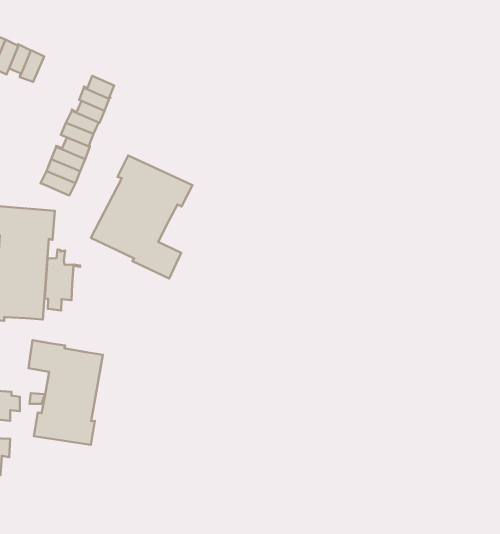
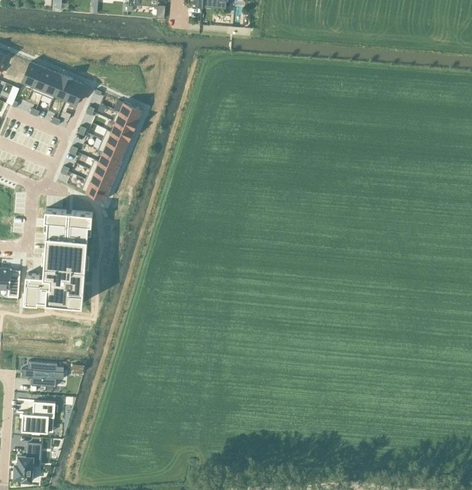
building: [91,155,192,278] -> none
building: [45,250,80,311] -> none
building: [29,340,103,445] -> none

